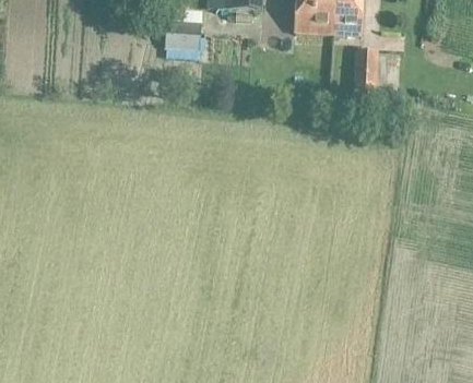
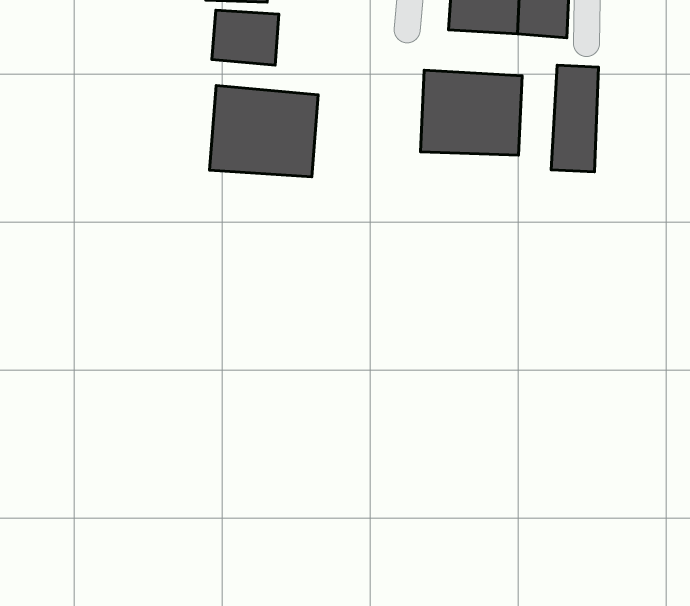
building: none -> [420,70,522,155]
building: none -> [210,85,318,177]

